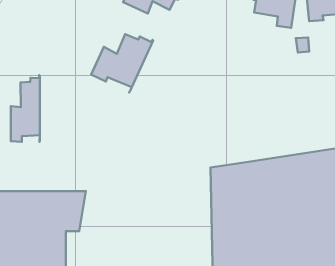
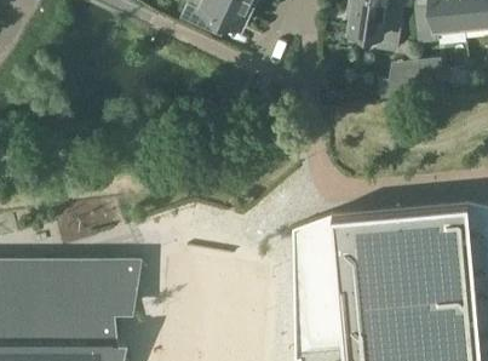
building: [91,34,153,92] -> none
building: [11,75,40,142] -> none

